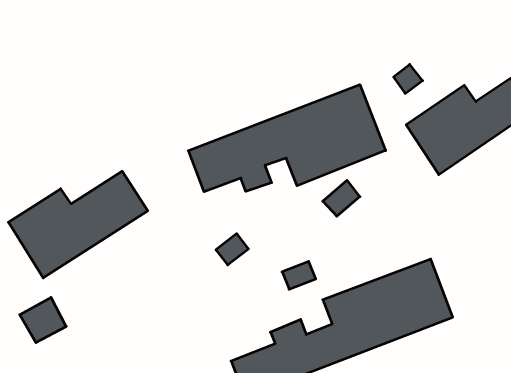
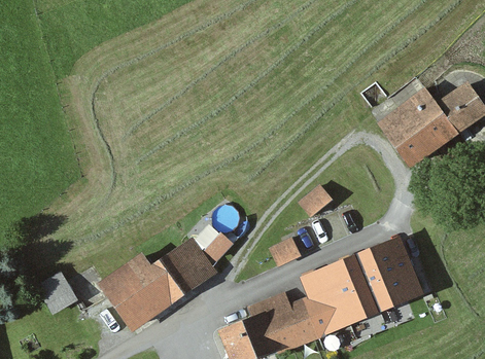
building: [188,85,386,192] -> none
building: [8,171,148,278] -> [91,241,214,335]

